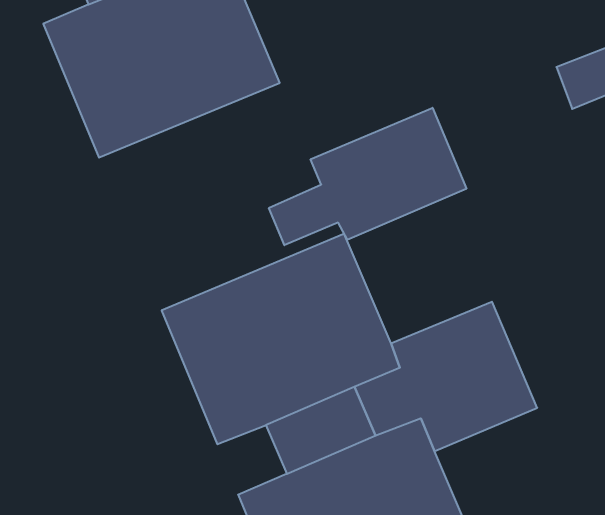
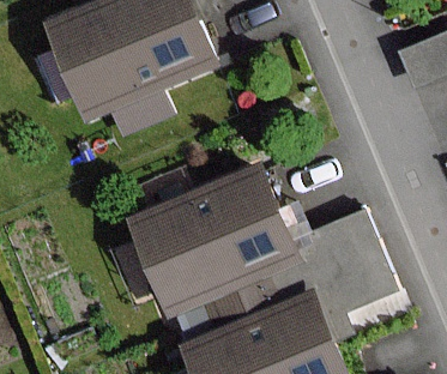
building: [269,108,466,245] -> none

